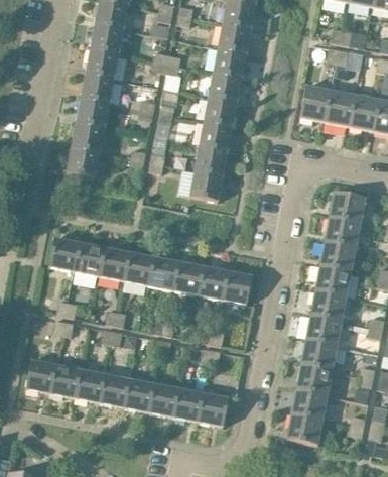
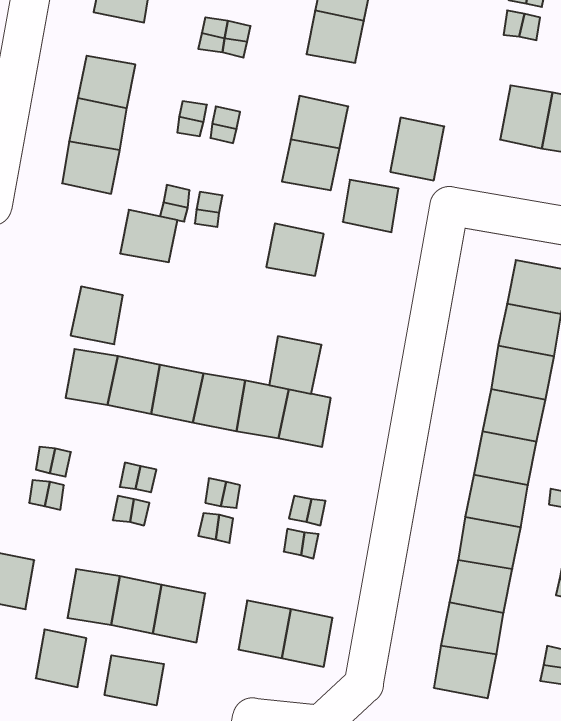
building: [86,48,119,79] -> none
building: [209,73,241,103] -> none
building: [299,86,331,122] -> [390,118,444,180]
building: [195,146,227,176] -> [343,180,399,232]
building: [67,147,100,177] -> [120,210,178,262]
building: [48,238,79,271] -> [71,287,123,344]
building: [222,271,252,305] -> [269,336,322,394]
building: [50,365,80,398] -> [36,629,86,687]
building: [149,384,178,416] -> none
building: none -> [105,655,164,705]

